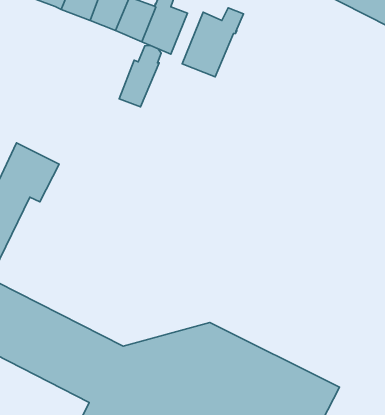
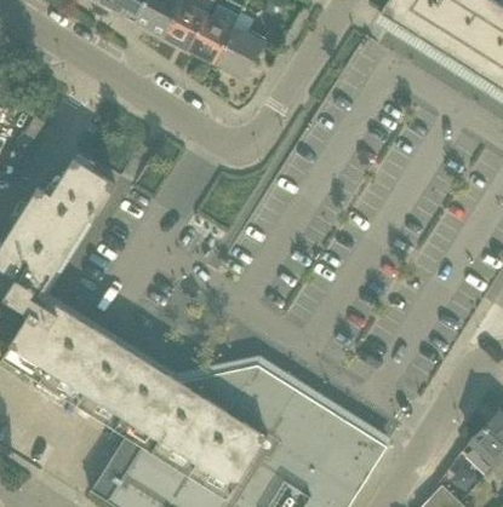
building: [182,8,243,77] -> none
building: [119,46,161,107] -> none

